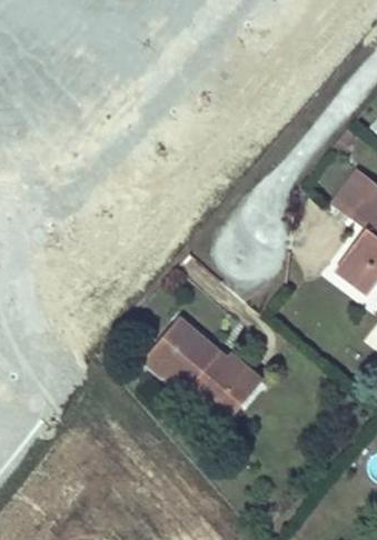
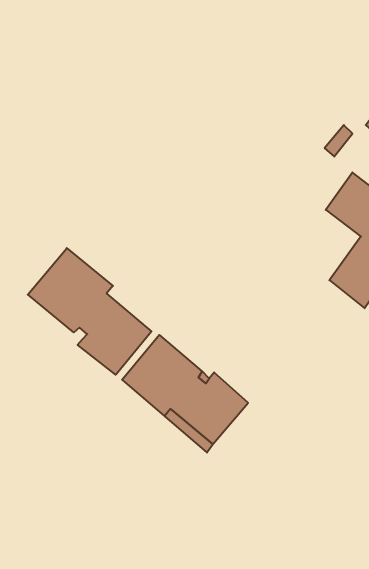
building: none -> [28,248,151,375]

